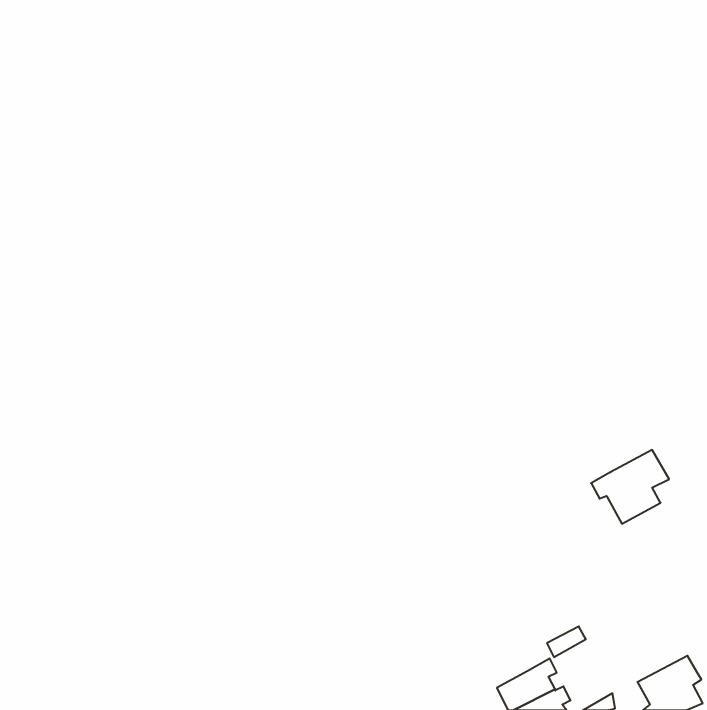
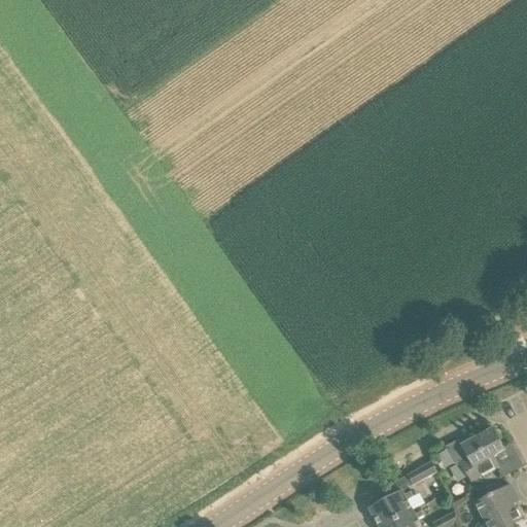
building: [591,450,669,524] -> [446,428,503,483]

